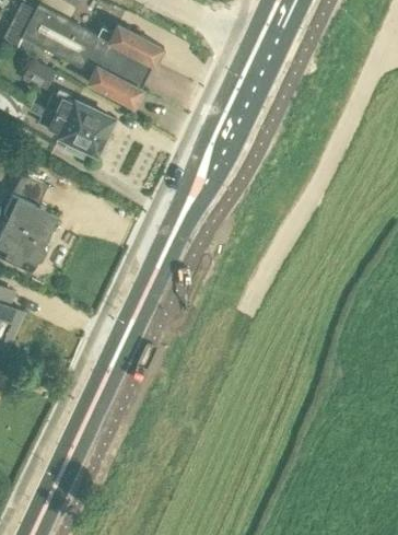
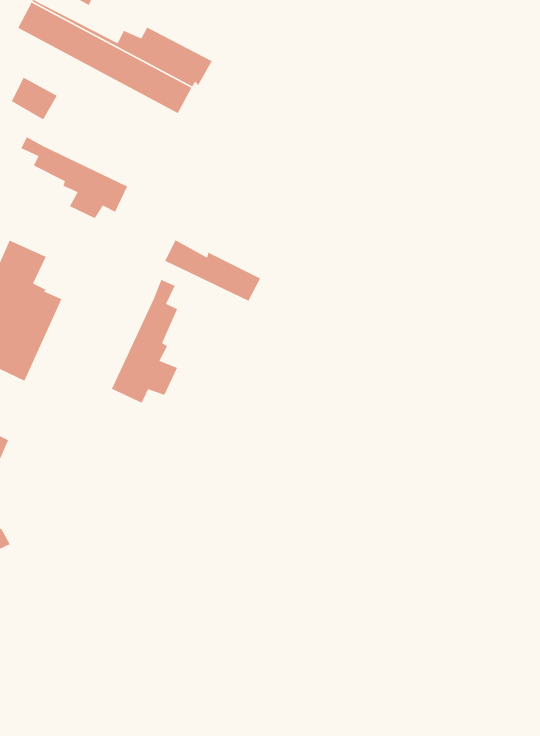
building: [21,25,142,107] -> none
building: [45,92,113,136] -> [164,239,261,302]
building: none -> [111,279,178,404]

